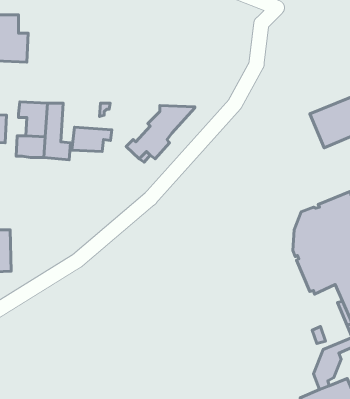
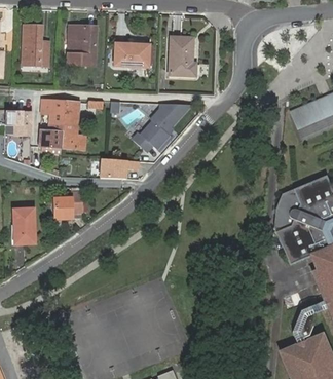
building: none -> [68,25,97,64]
building: none -> [169,35,196,75]
building: none -> [115,43,149,67]
building: [72,127,112,151] -> [99,158,133,179]
building: none -> [54,191,81,219]

